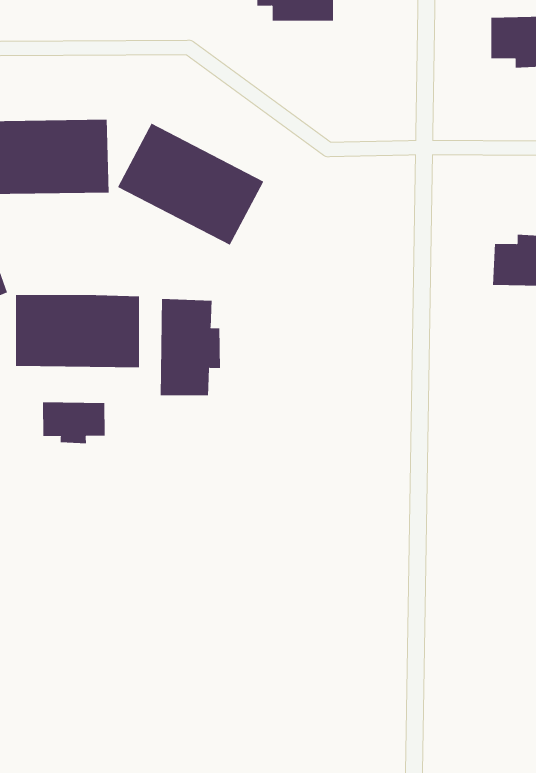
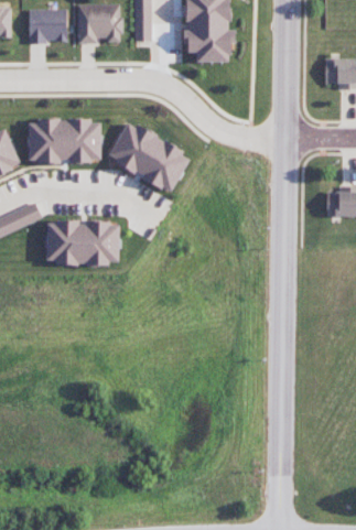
building: [160,298,221,396] -> none
building: [43,402,105,444] -> none

